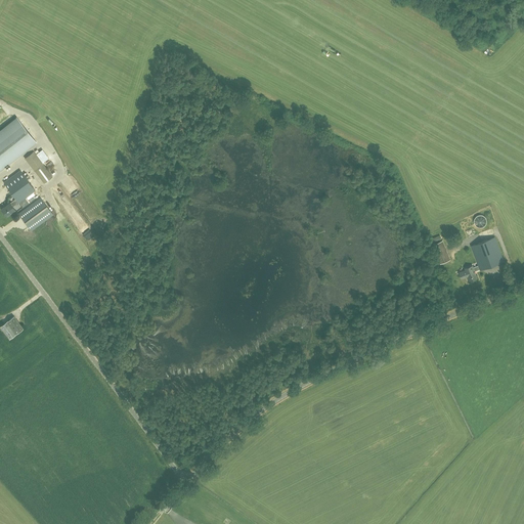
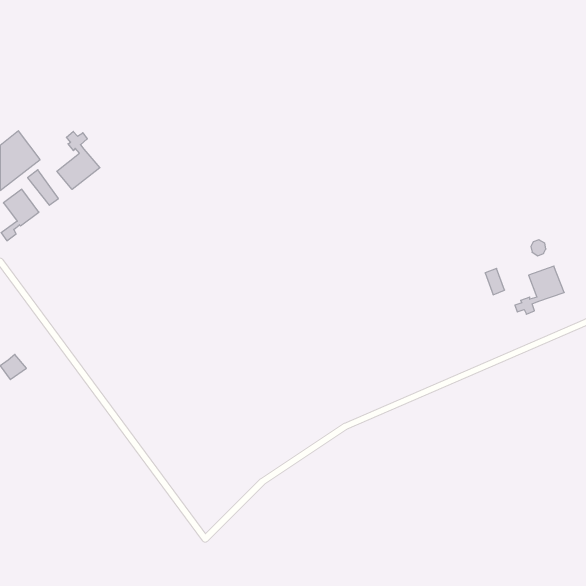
building: none -> [57,131,100,189]
building: [18,198,53,231] -> none

